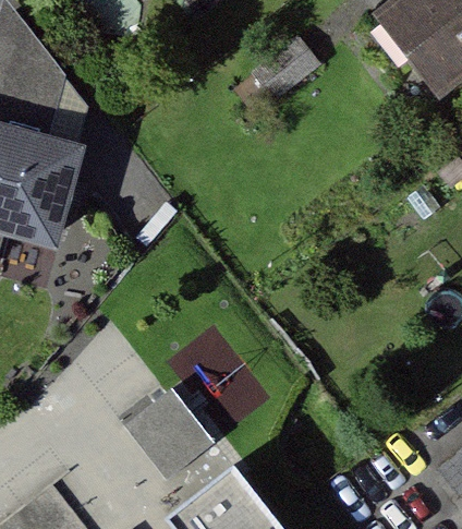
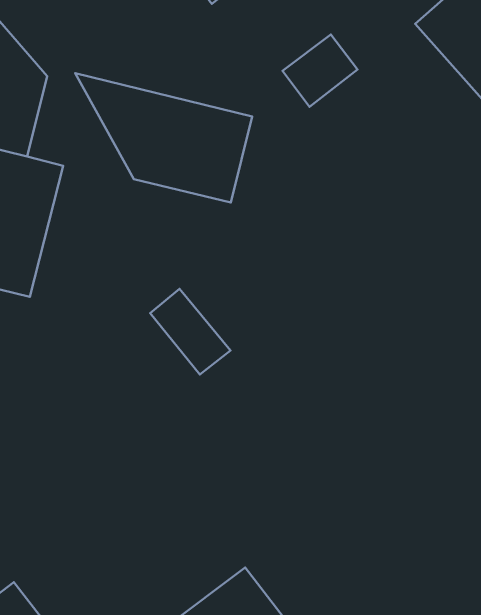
building: none -> [75,73,252,203]
building: [122,385,207,476] -> none

